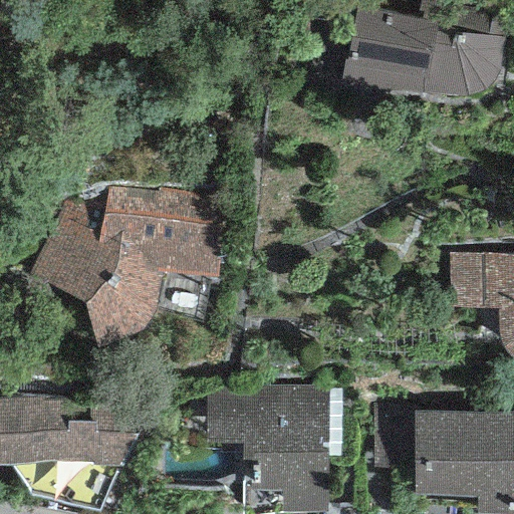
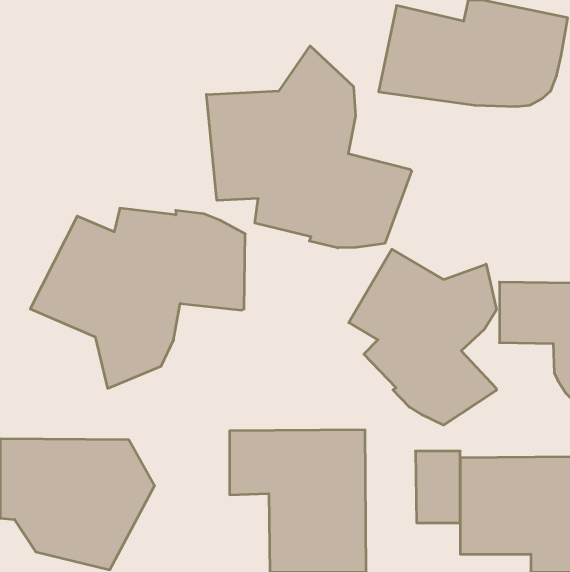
building: none -> [206,46,412,248]
building: none -> [349,249,496,425]

